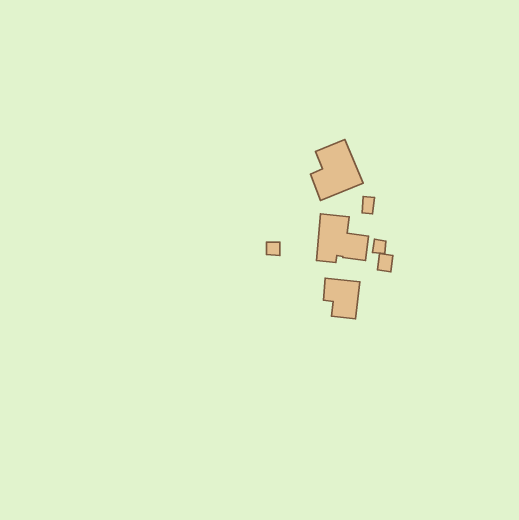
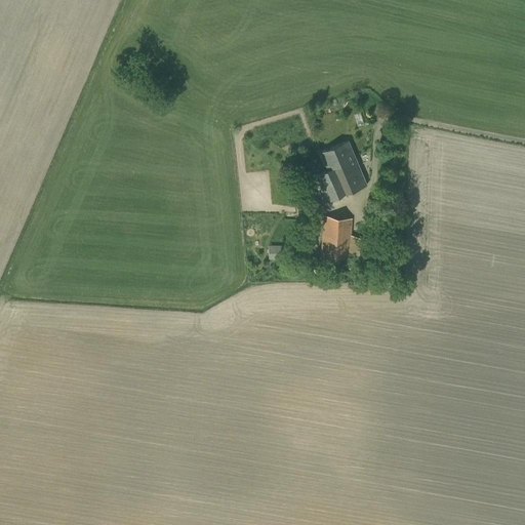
building: [323,278,360,319] -> none

